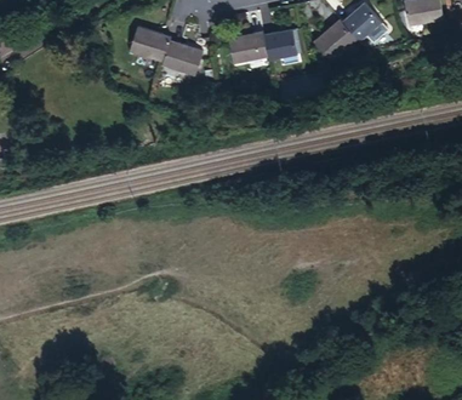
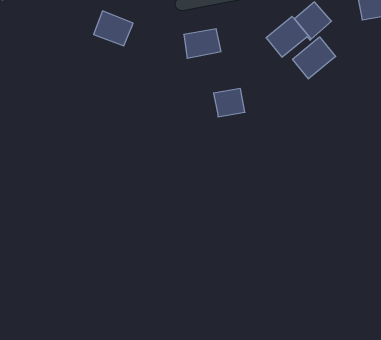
building: [253,33,287,63] -> [213,89,245,117]
building: [153,34,192,70] -> none
building: none -> [293,37,336,79]

